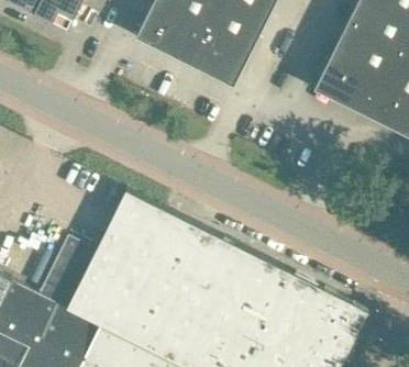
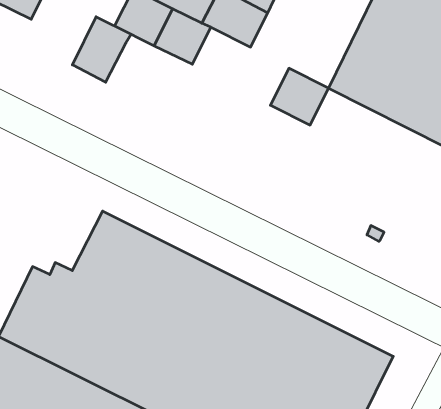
building: none -> [72,17,131,82]
building: [200,37,248,85] -> [270,68,329,125]

